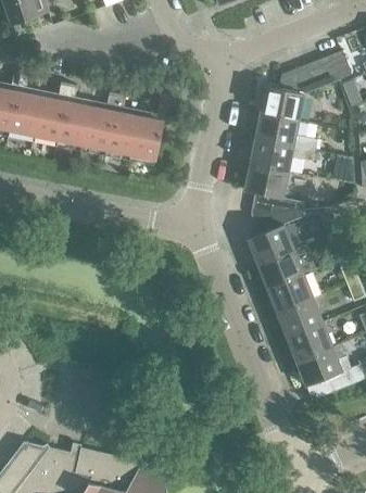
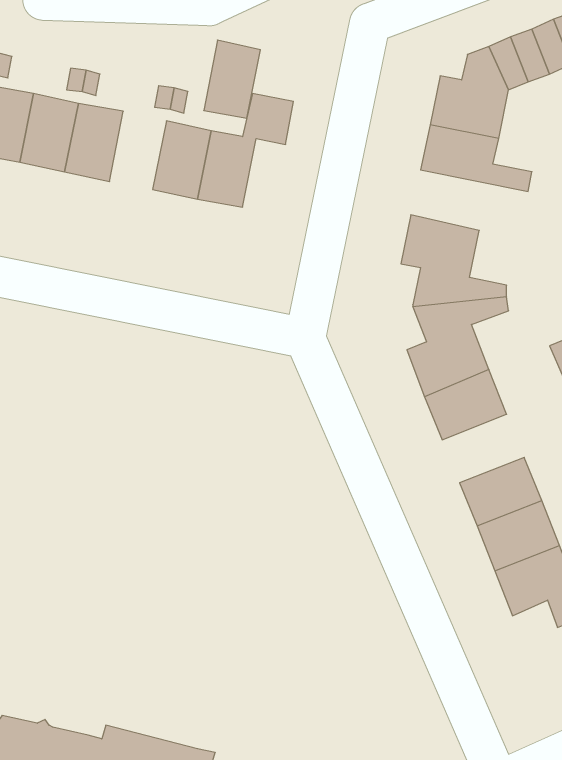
building: [83,105,114,149] -> [204,40,260,118]
building: [250,138,315,172] -> none
building: [267,274,313,312] -> none

